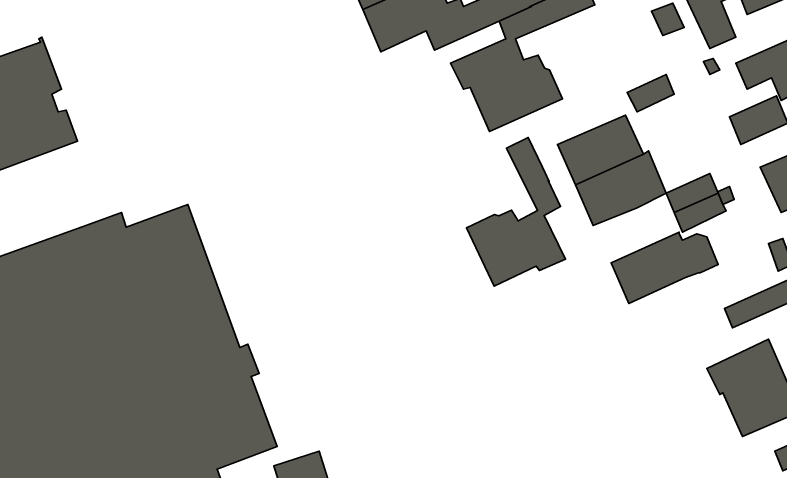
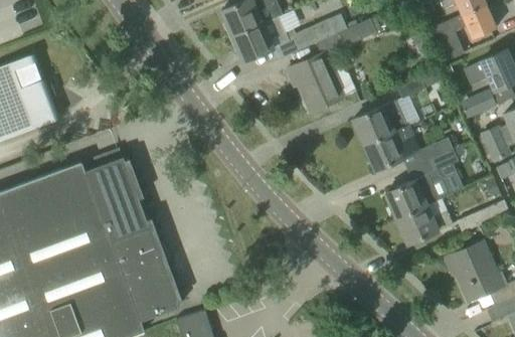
building: [466,138,565,286] -> none
building: none -> [396,203,452,245]

